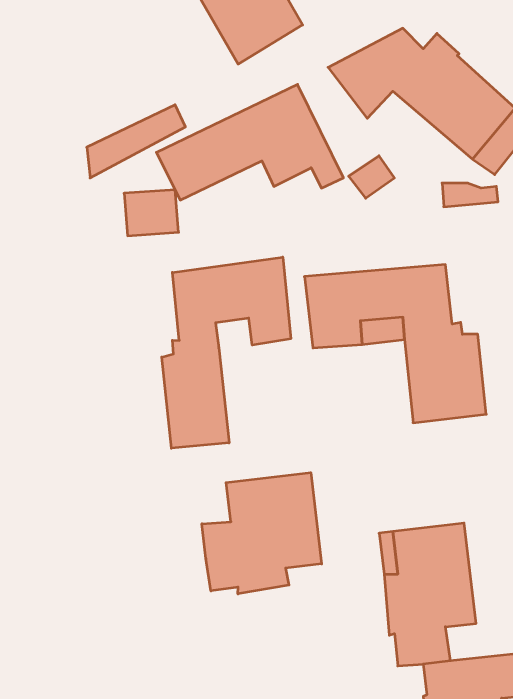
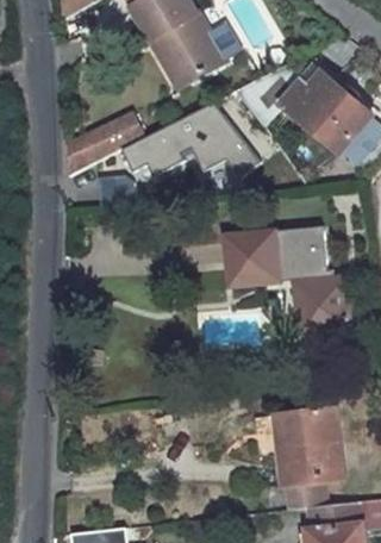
building: [162,257,291,448] -> none
building: [202,473,322,594] -> none

